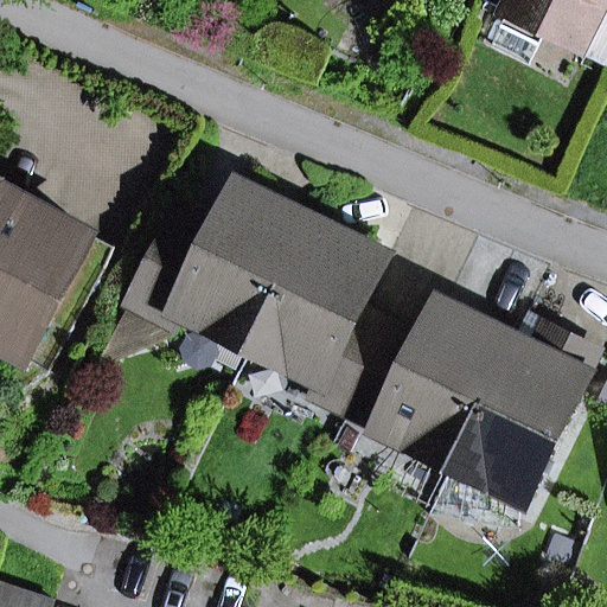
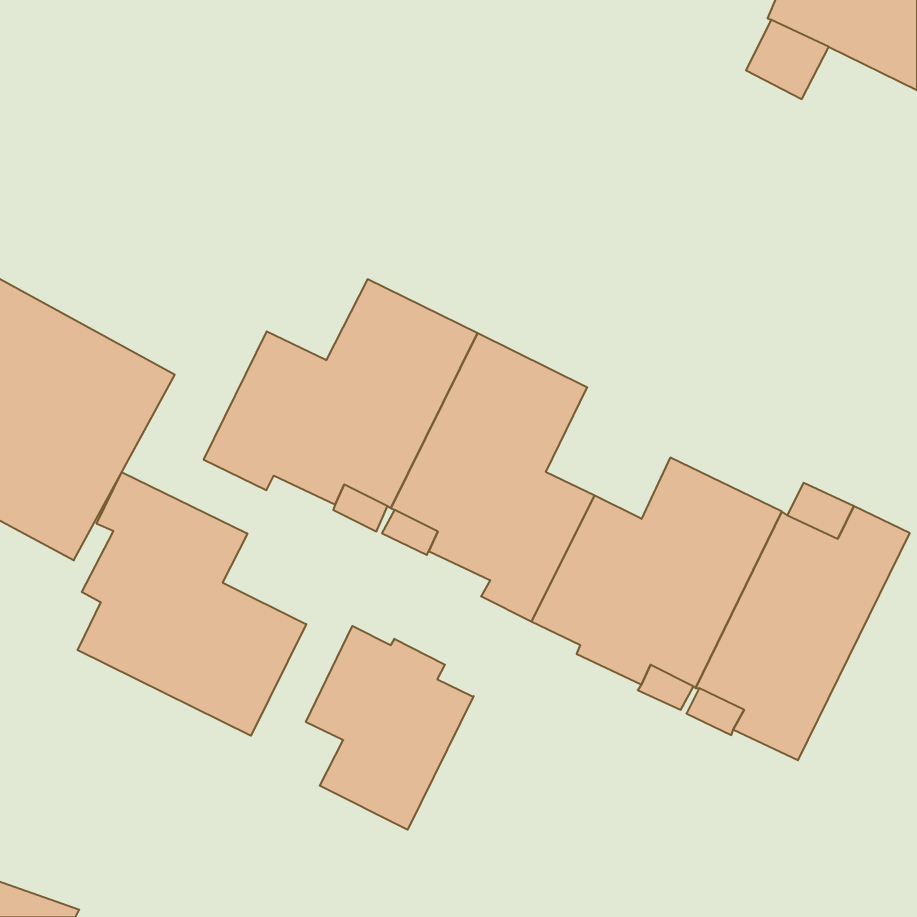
building: none -> [78,472,306,736]
building: none -> [306,626,474,830]

